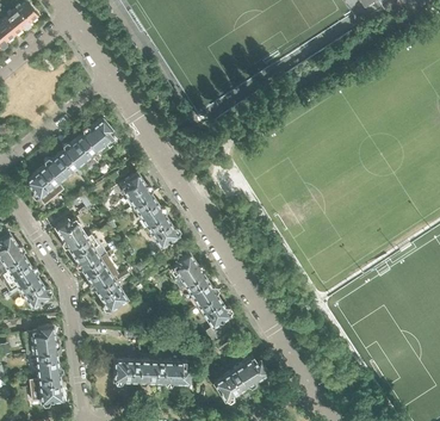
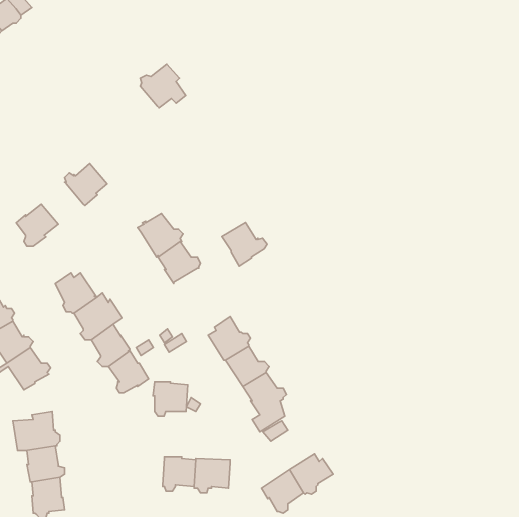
building: [81,119,116,153] -> [140,64,186,108]
building: [43,151,76,184] -> none
building: [145,216,180,249] -> [222,222,267,266]
building: [112,359,138,385] -> [153,382,188,416]

